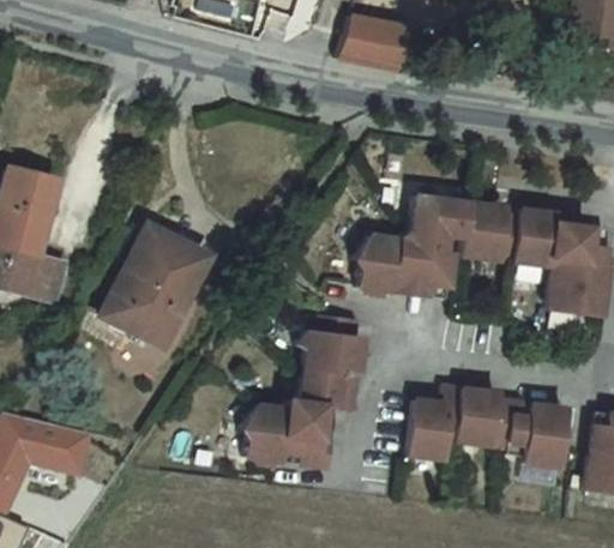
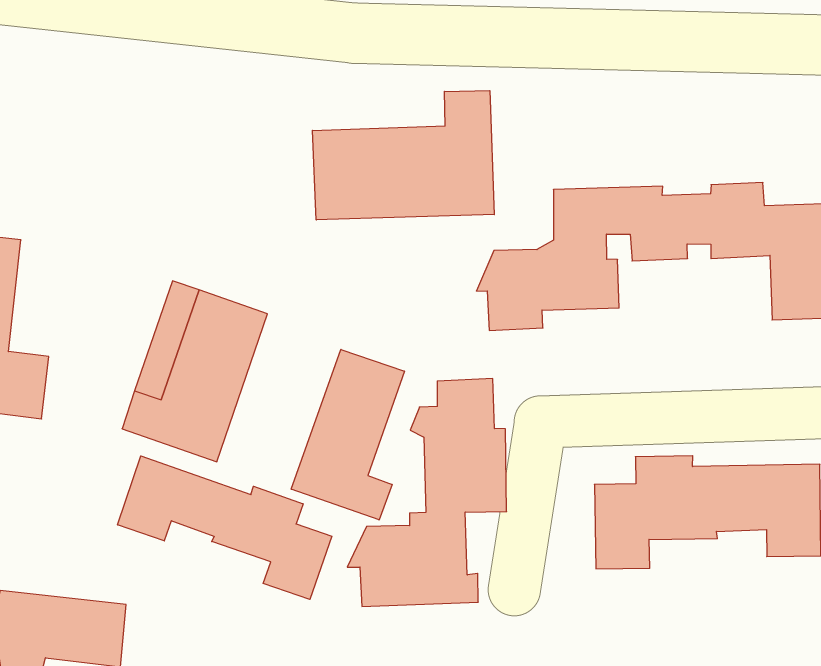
building: none -> [312,91,494,220]
building: none -> [291,349,404,520]
building: none -> [118,456,332,599]

